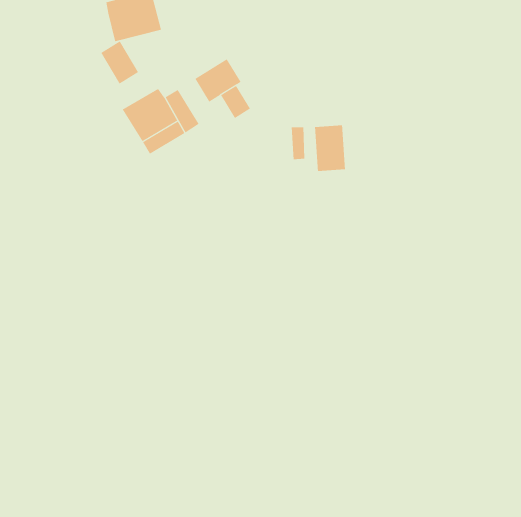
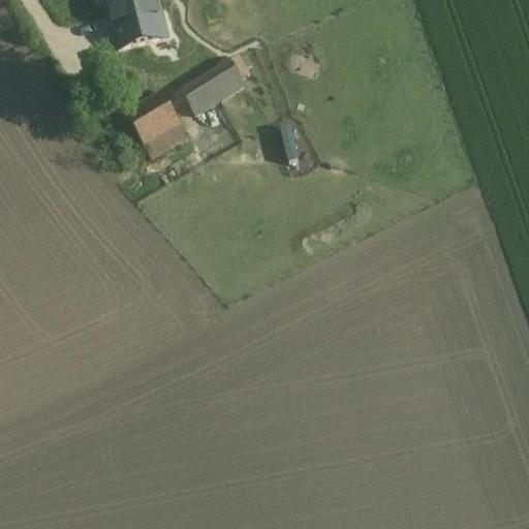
building: [100,41,139,85] -> none
building: [220,85,251,119] -> [182,80,213,114]
building: [315,124,345,172] -> none

